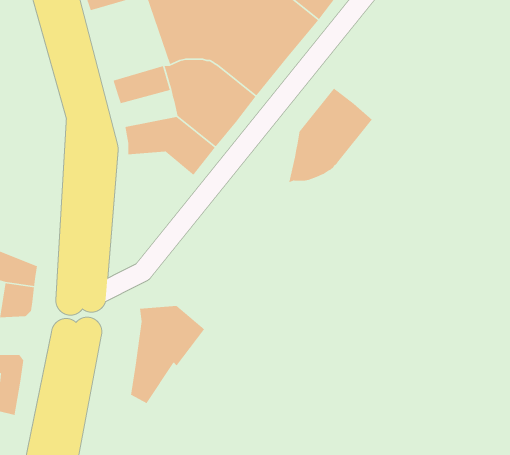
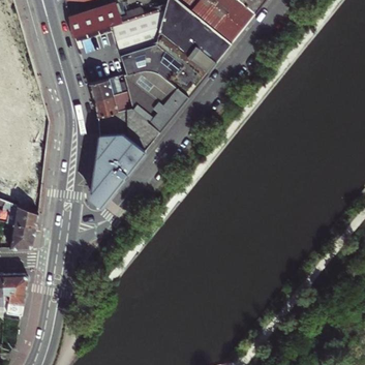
building: [288,88,373,183] -> none
building: none -> [93,91,132,116]
building: [130,305,205,404] -> [92,133,144,202]

